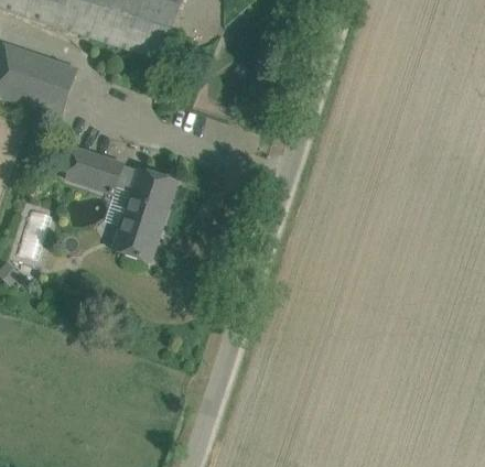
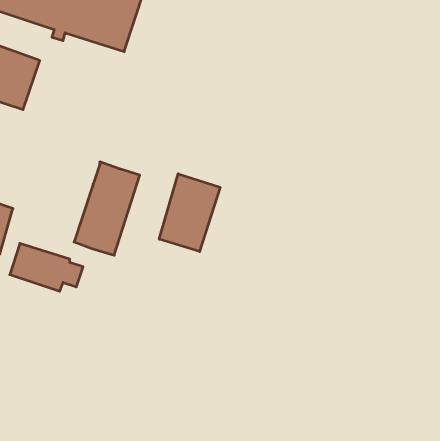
building: [64,146,137,194] -> [10,243,83,291]
building: none -> [159,174,220,252]

